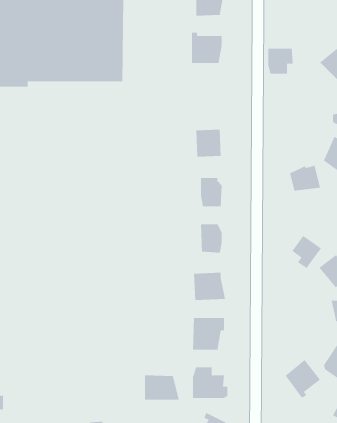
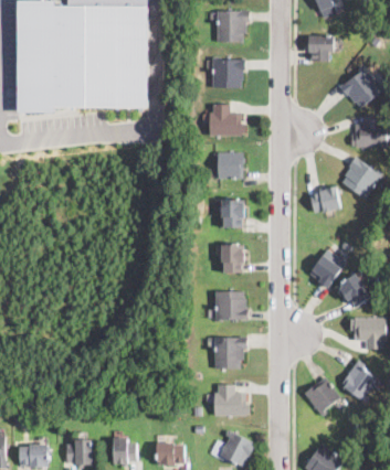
building: [268,48,294,74] -> [308,36,334,62]
building: none -> [210,106,244,136]
building: [145,375,180,401] -> none

